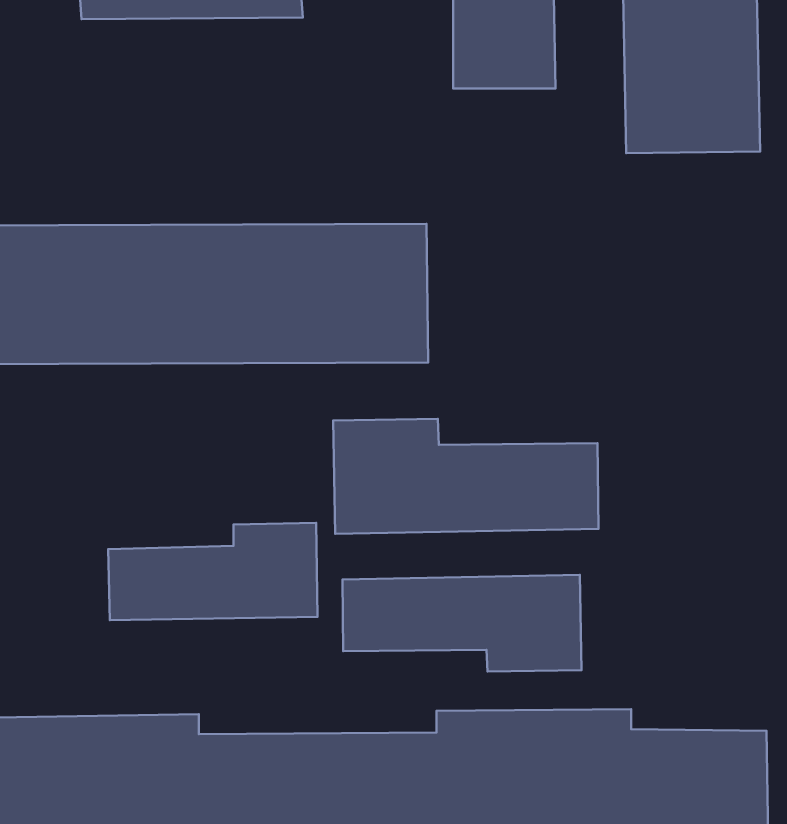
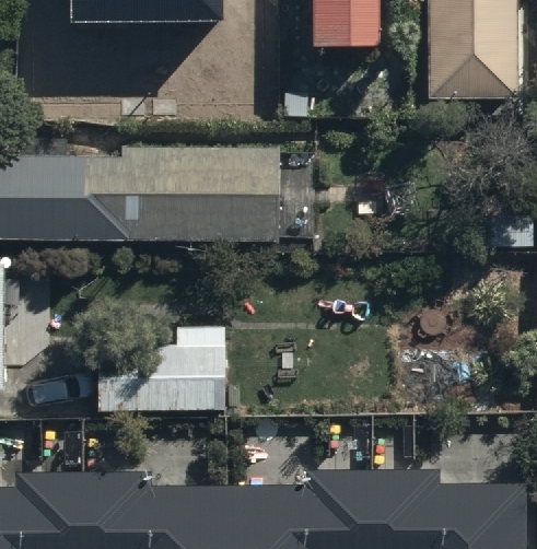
building: [333,419,599,534] -> none
building: [342,575,582,672] -> none

